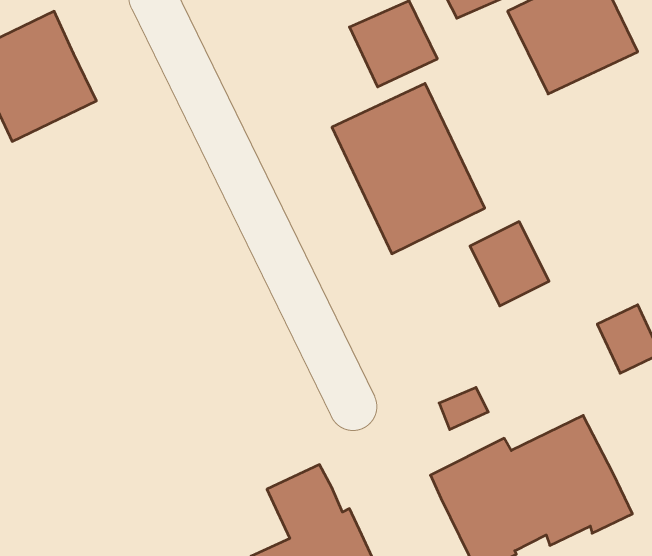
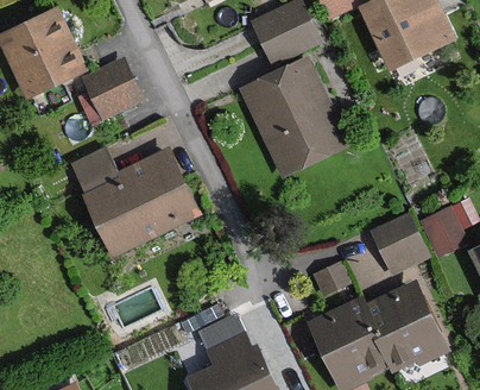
building: none -> [84,62,139,117]
building: none -> [71,150,195,253]
building: [470,222,549,306] -> [372,215,425,272]

